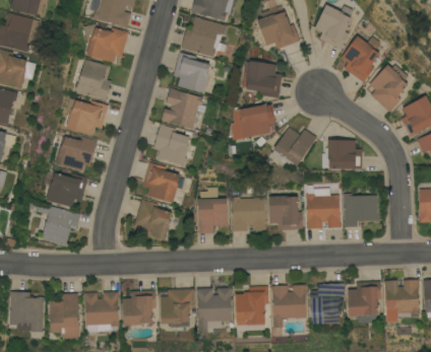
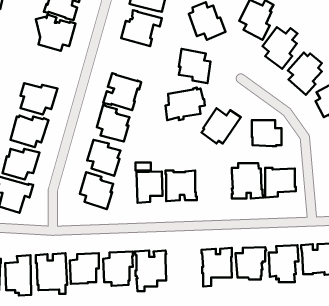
building: [174,53,210,93] -> none
building: [75,60,111,101] -> none
building: [268,197,303,231] -> none
building: [235,287,268,330] -> none

